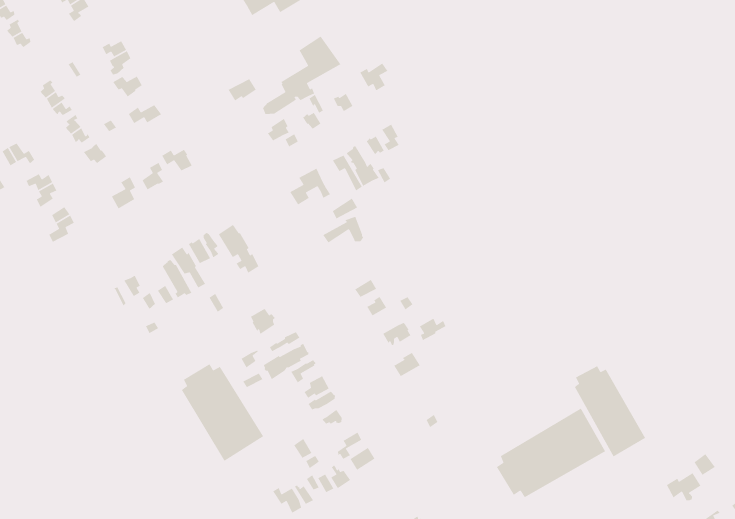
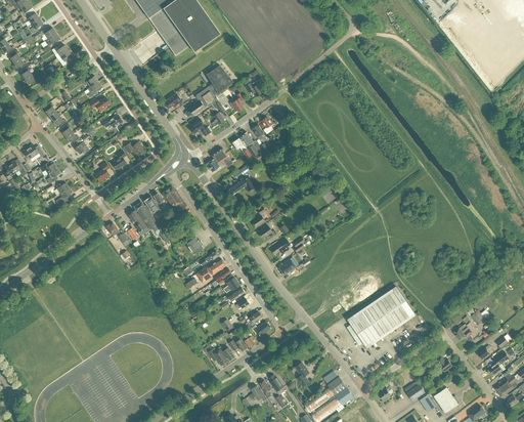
building: [181,363,264,462] -> none
building: [574,365,646,458] -> none

